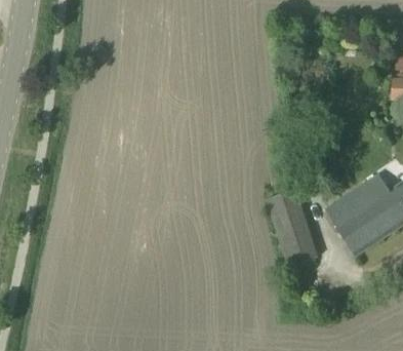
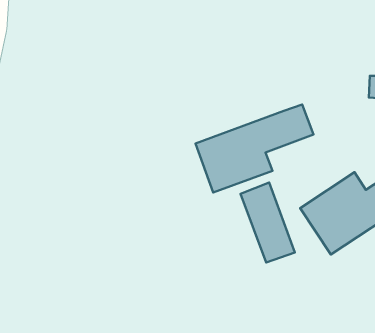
building: none -> [195,105,314,192]

